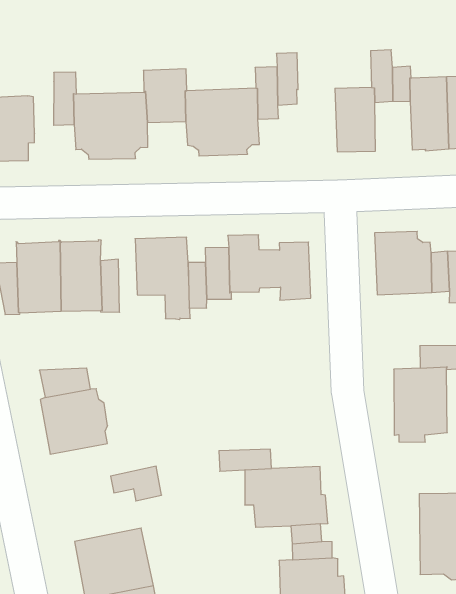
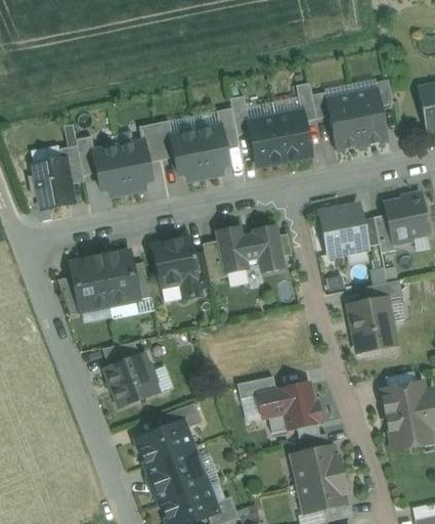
building: none -> [60,144,85,183]
building: none -> [249,116,285,165]
building: none -> [137,420,192,464]

